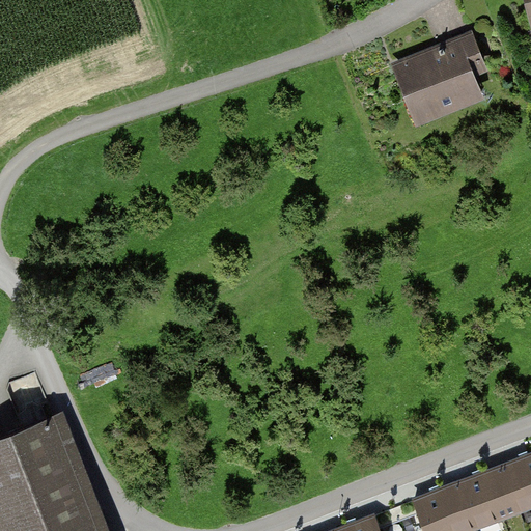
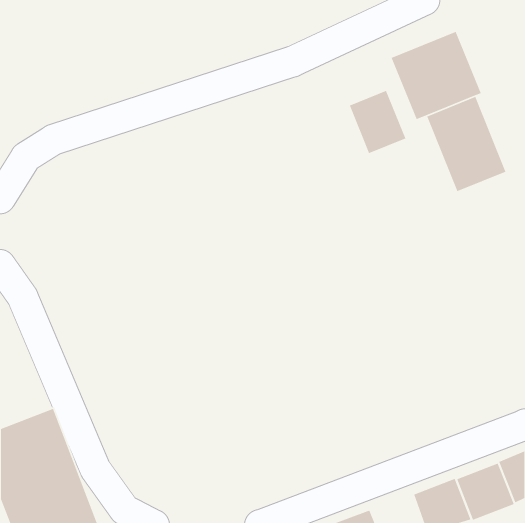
building: none -> [349,90,406,154]
building: none -> [426,96,506,192]

